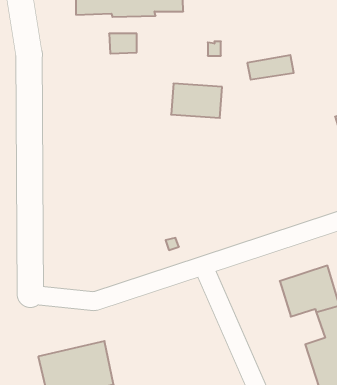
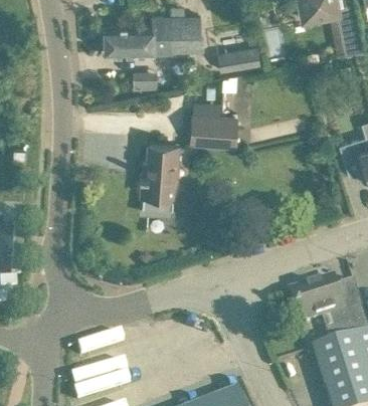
building: [247,55,294,80] -> [218,47,260,69]
building: none -> [140,145,179,214]

